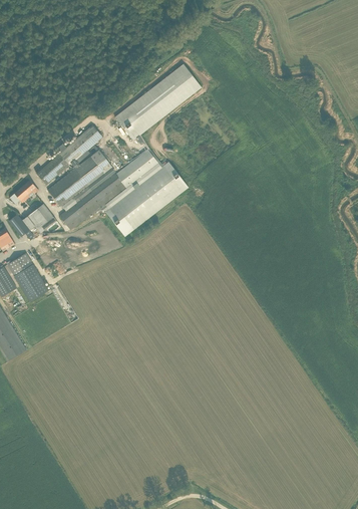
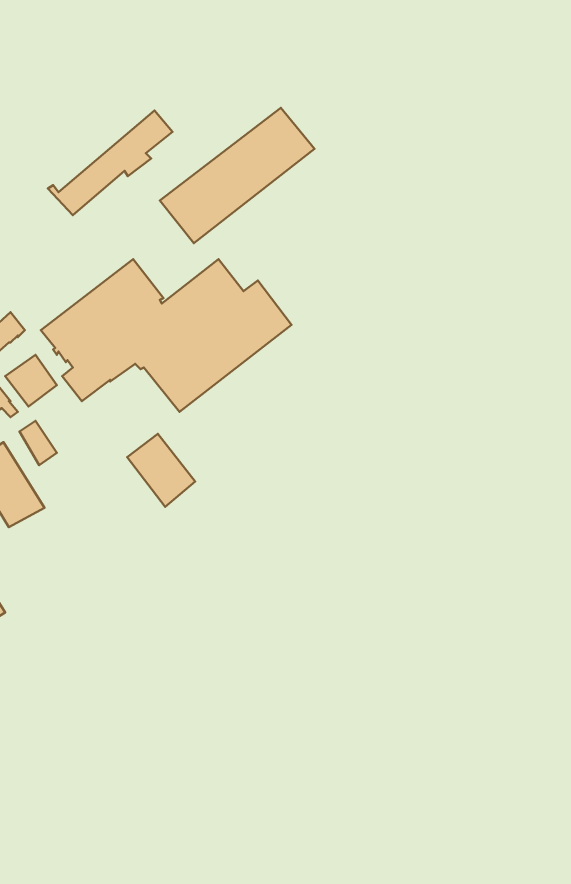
building: [31,124,101,184] -> [48,110,172,215]
building: none -> [127,434,195,507]

